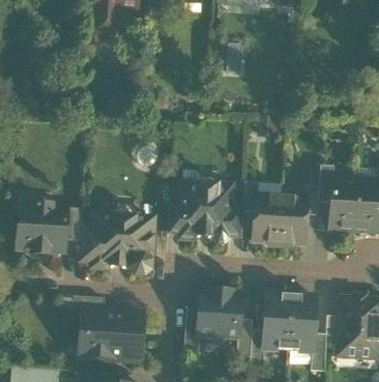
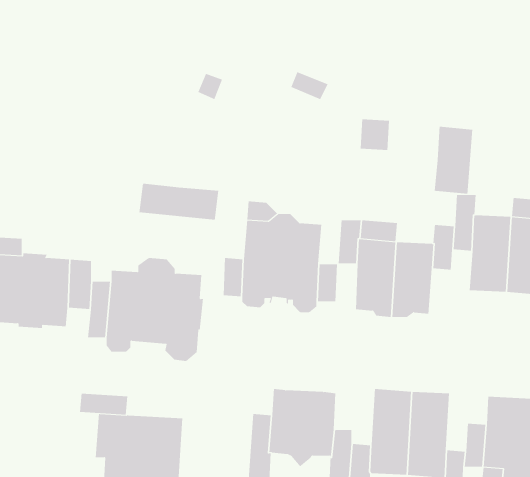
building: none -> [434,126,473,194]
building: none -> [139,183,219,220]

